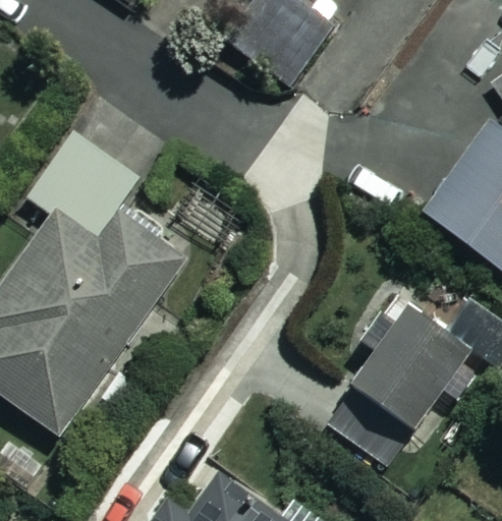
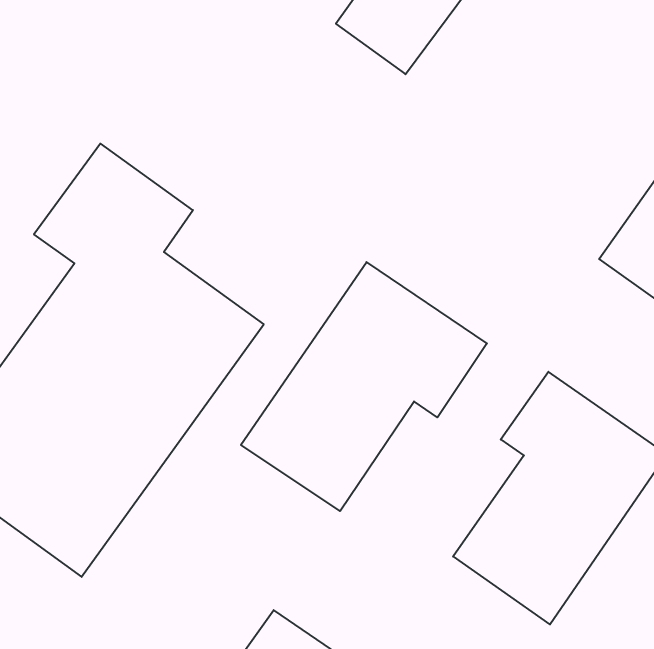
building: none -> [241,262,487,511]

